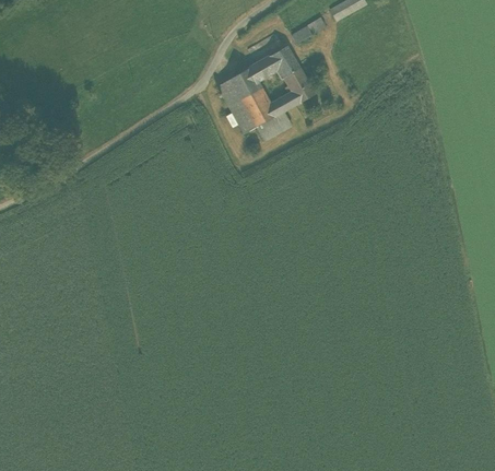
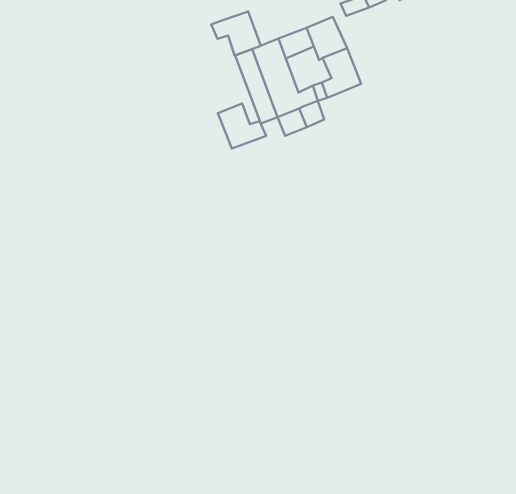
building: none -> [211,12,261,56]
building: none -> [218,103,266,149]

